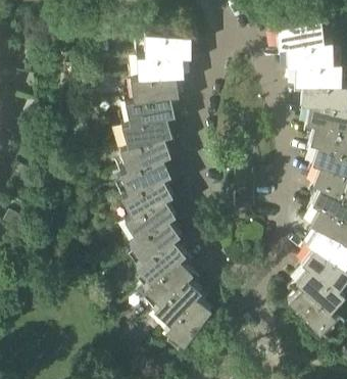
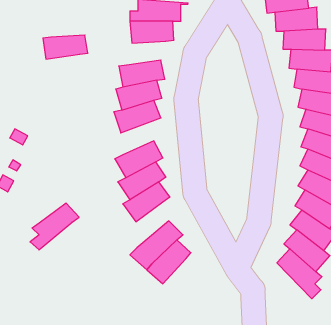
building: [133,79,179,103] -> [43,35,88,59]
building: [122,160,170,195] -> none
building: [136,243,186,291] -> [30,203,79,250]
building: [166,301,211,353] -> none

